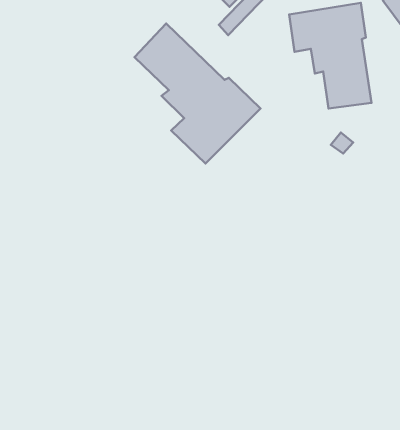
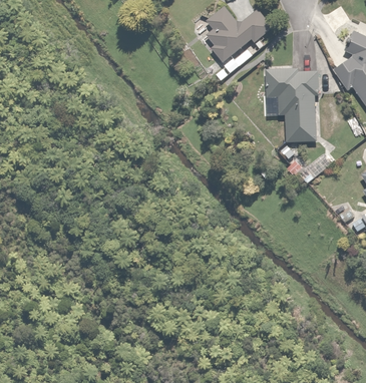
building: [134,23,261,163] -> none

